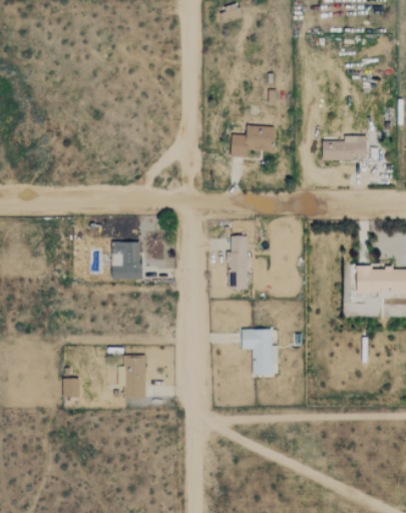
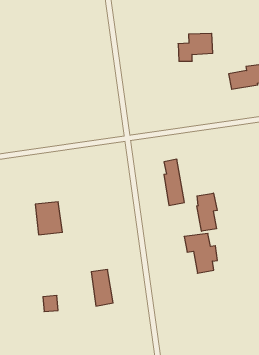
building: [232,125,276,158] -> [178,33,213,61]
building: [112,241,141,280] -> [35,202,62,235]
building: none -> [197,193,217,231]

